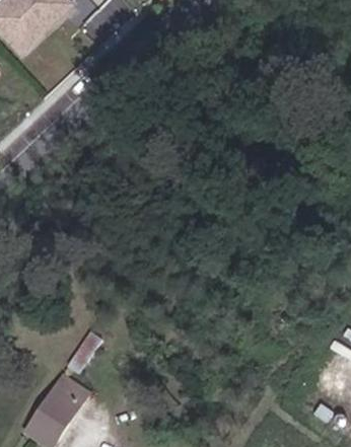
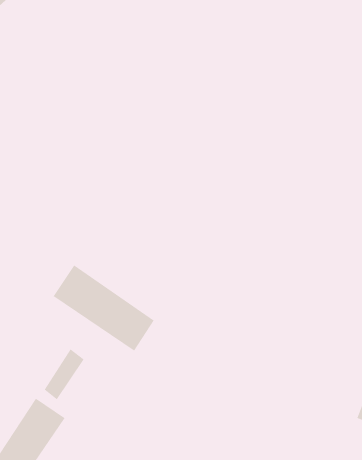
building: none -> [53,265,154,351]

